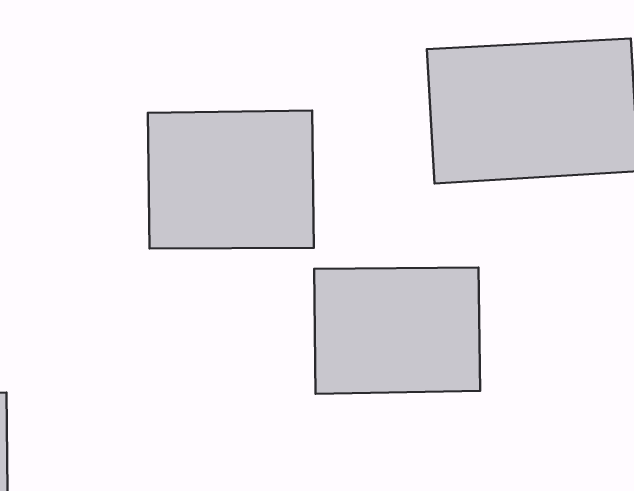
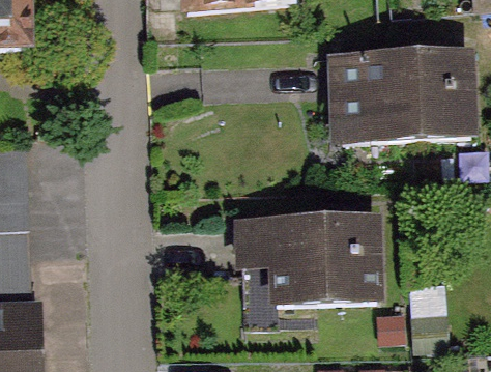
building: [148,110,314,249] -> none

